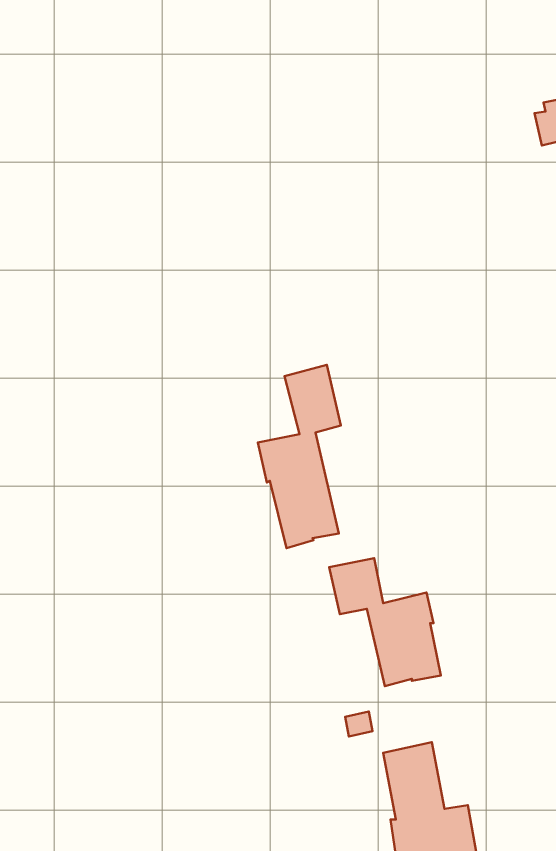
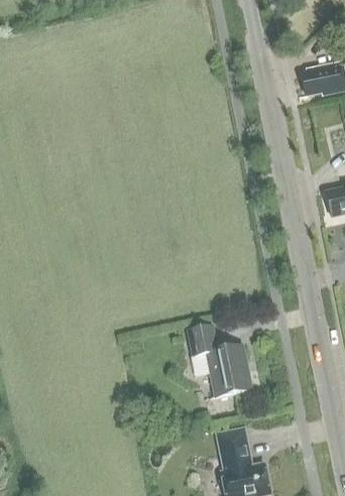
building: [258,365,341,548] -> none

